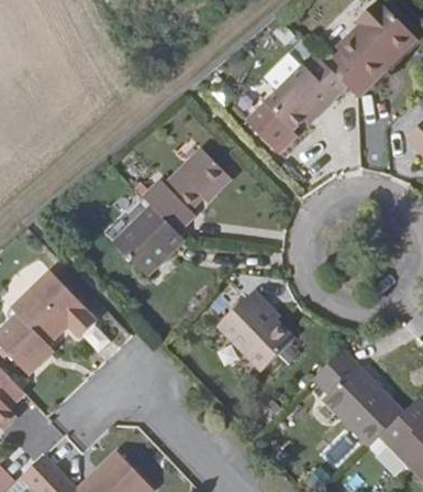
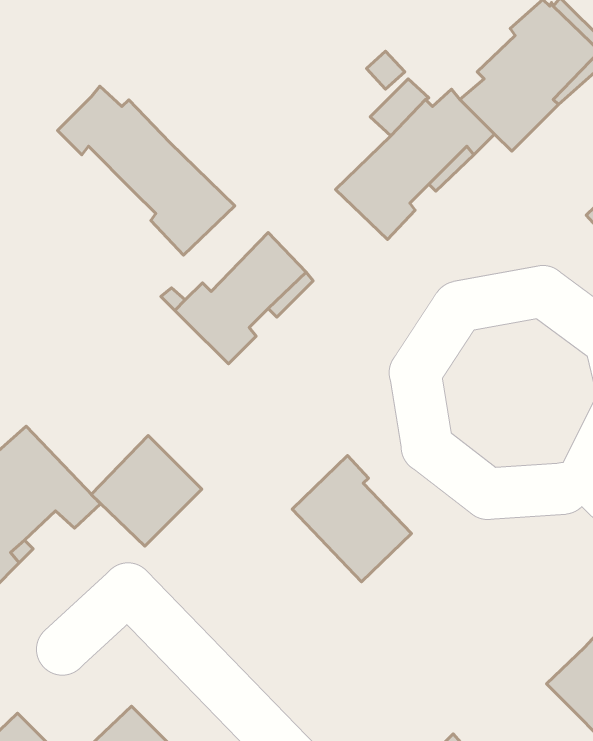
building: none -> [57,86,235,255]
building: [114,205,185,275] -> [91,436,202,546]
building: [314,350,404,447] -> none

